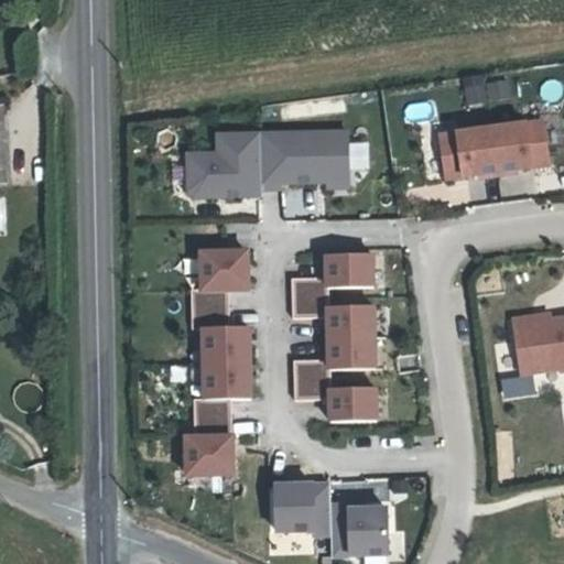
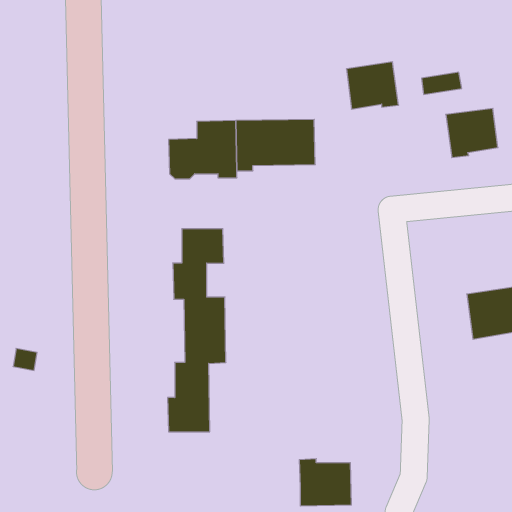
building: [440,126,497,177] -> [346,62,399,109]
building: [291,253,376,421] -> none
building: [274,482,330,534] -> none

